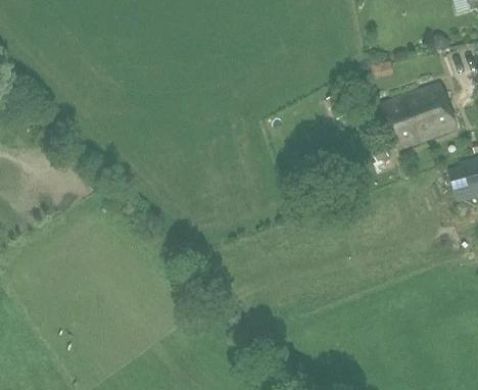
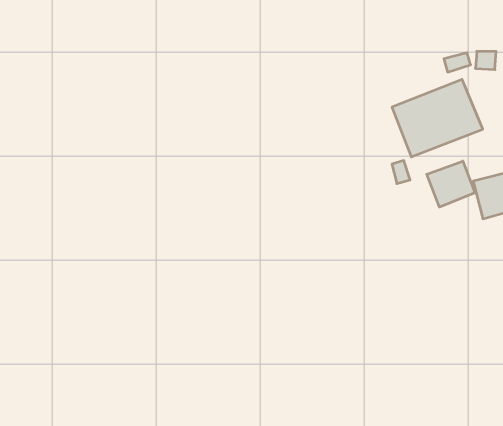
building: none -> [427,161,475,207]

